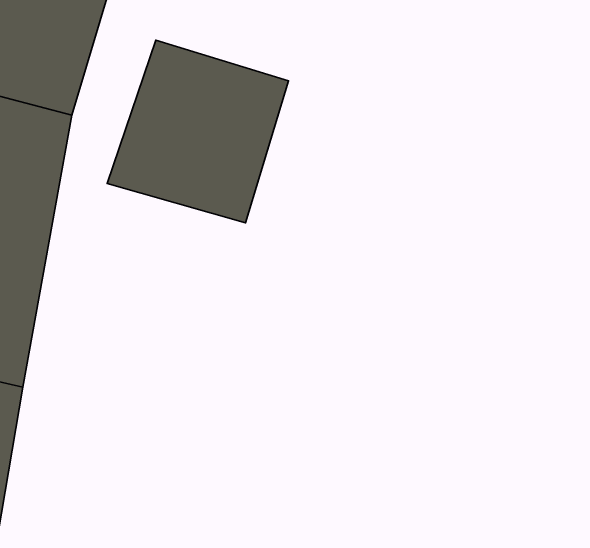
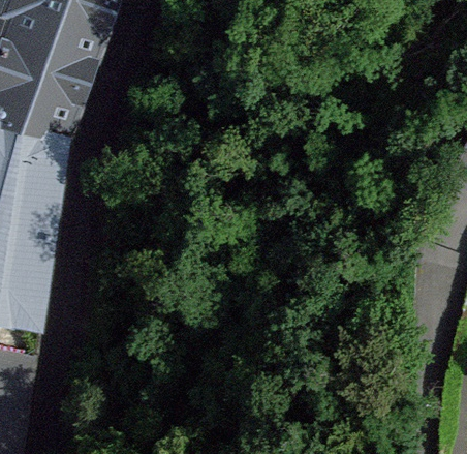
building: [107,40,289,223] -> none

